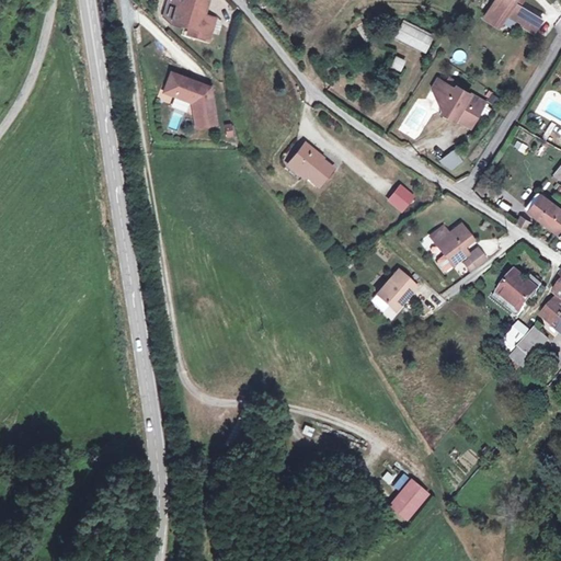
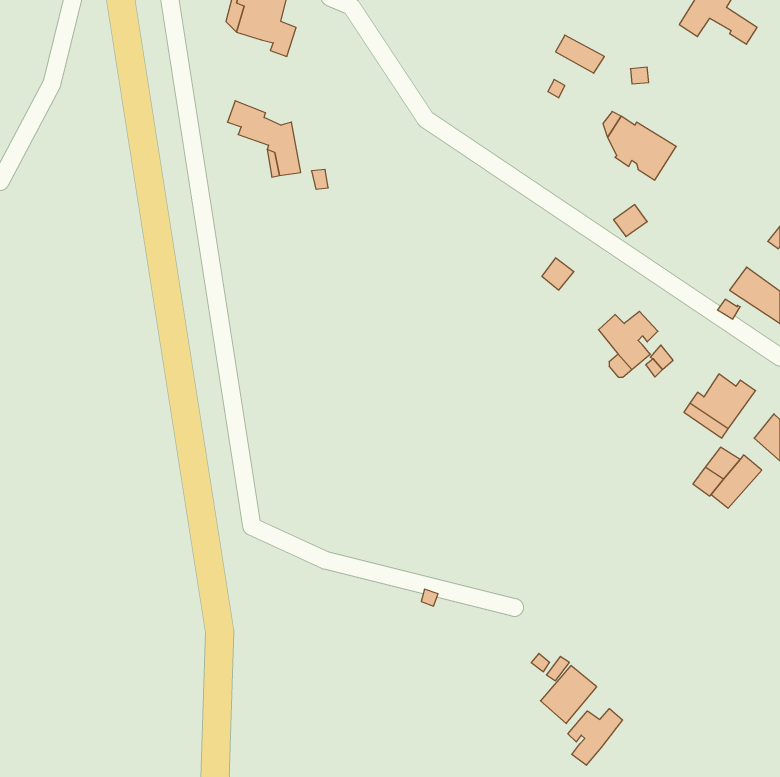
building: [288,144,330,186] -> none
building: [376,270,413,310] -> none
building: none -> [568,709,623,765]

